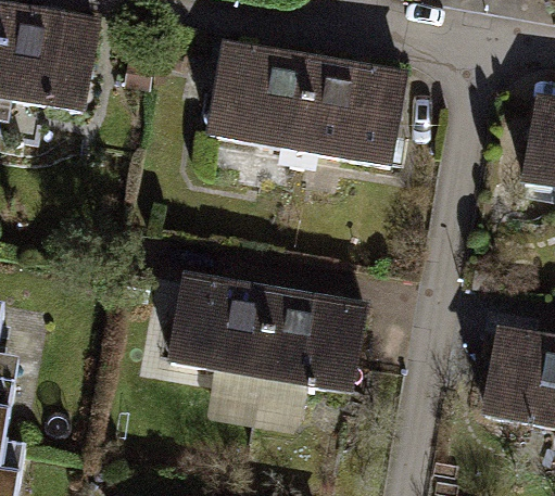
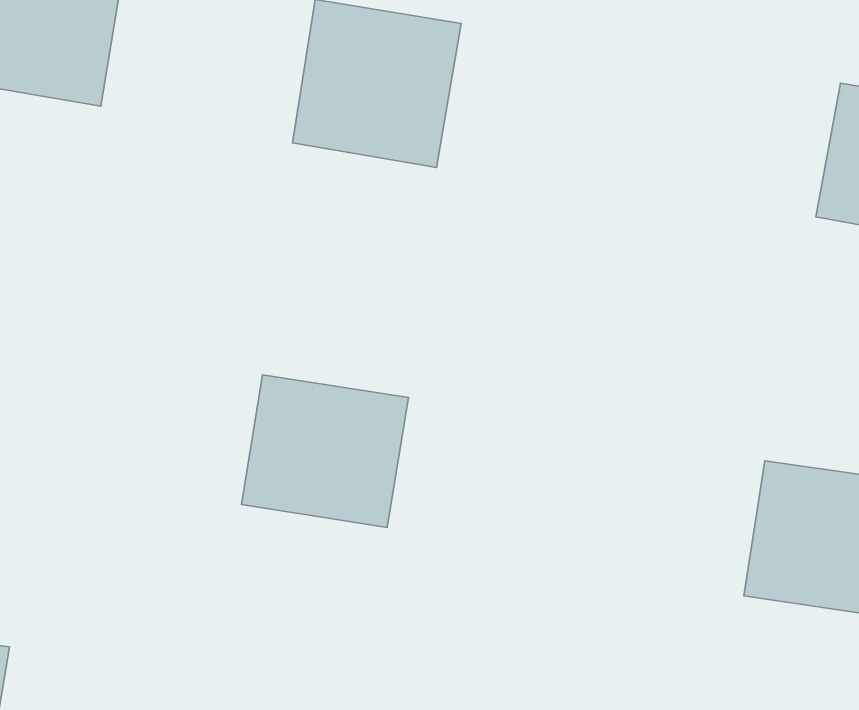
building: [290,60,395,164] -> none
building: [260,291,364,385] -> none

